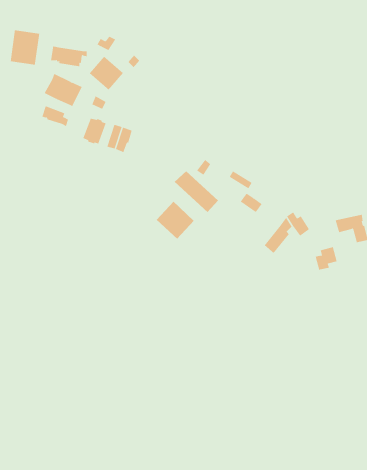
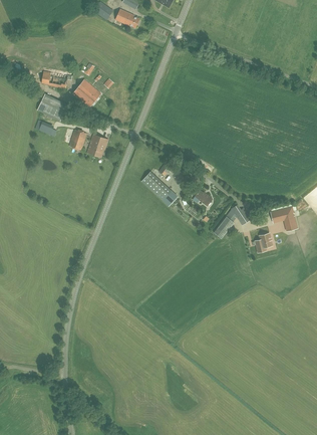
building: [10,29,40,66] -> none
building: [156,201,195,240] -> none

